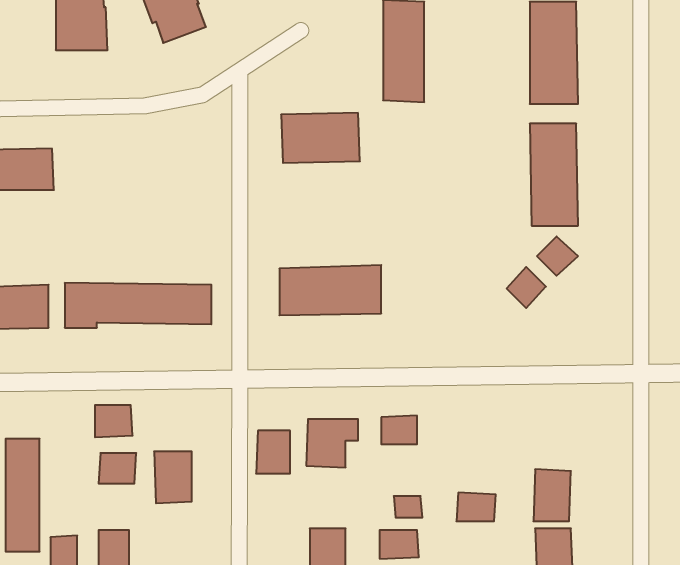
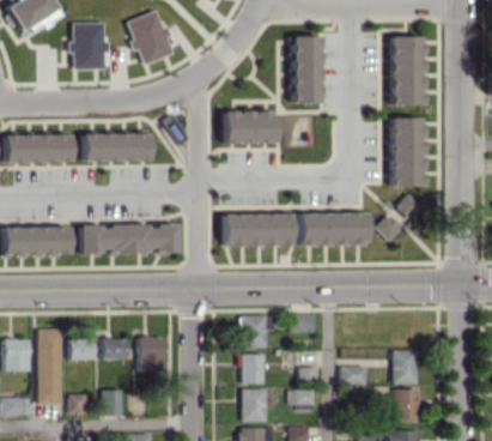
building: none -> [83,133,150,161]
building: none -> [298,212,368,244]
building: [95,405,133,437] -> [69,338,95,360]
building: [256,431,290,474] -> [242,354,265,382]

